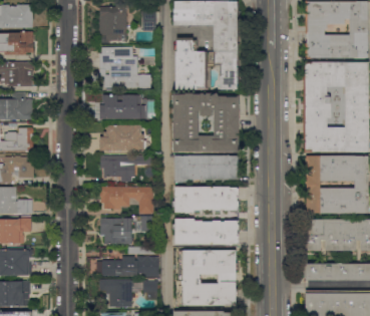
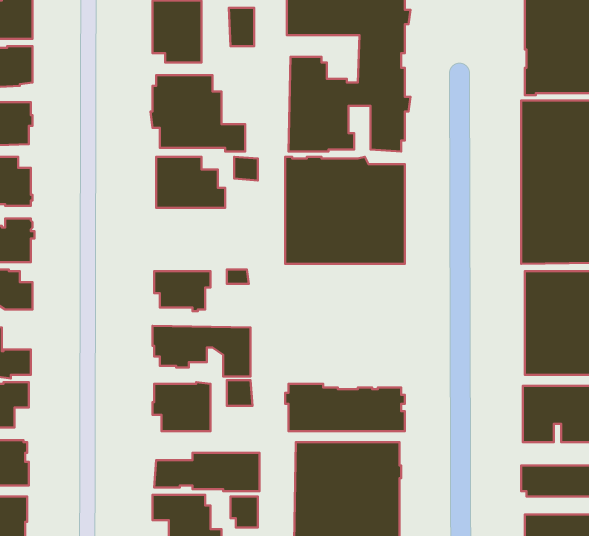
building: [99,124,146,150] -> none
building: [173,154,239,182] -> none
building: [172,186,239,212] -> none

